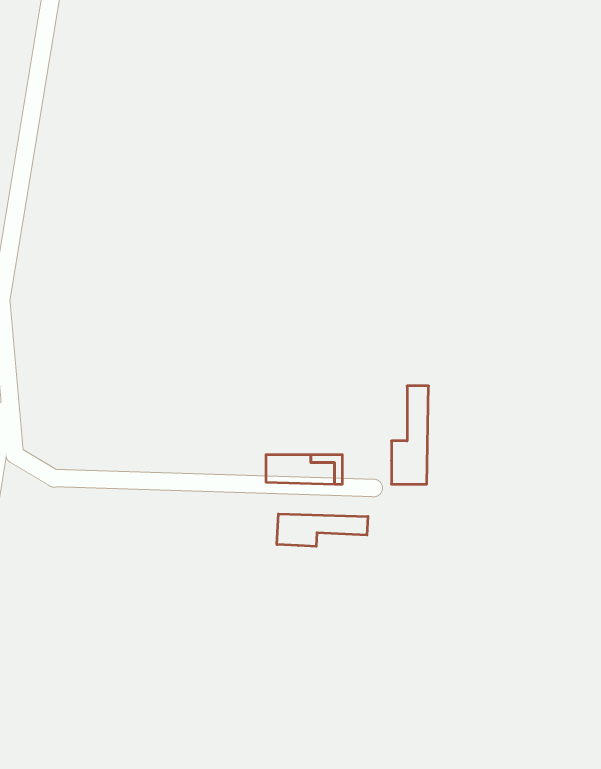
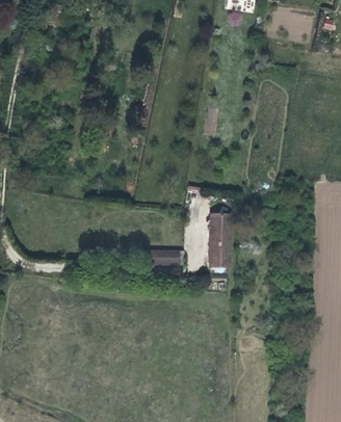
building: [277,514,368,546] -> none

